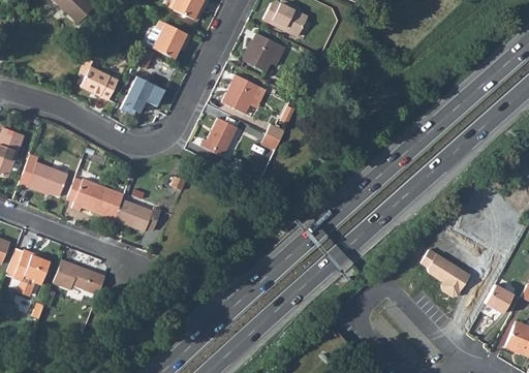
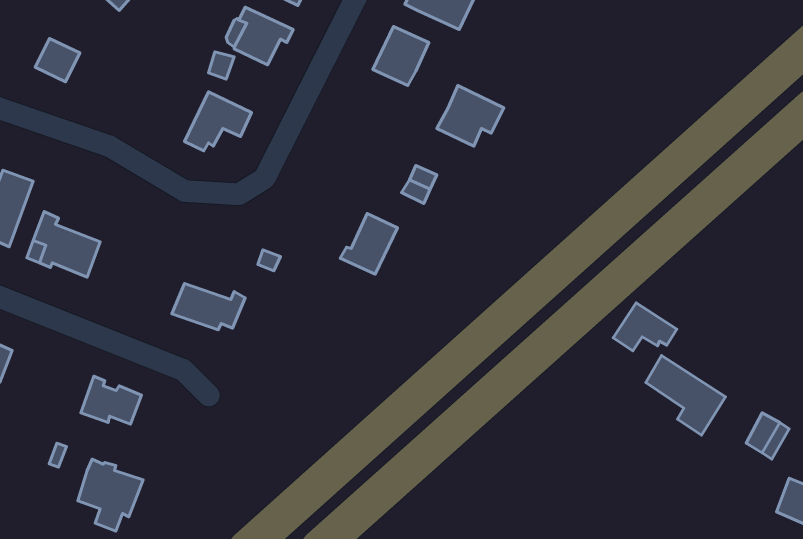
building: [81,66,110,94] -> [35,39,80,82]
building: [222,74,266,114] -> [437,85,504,146]
building: [200,117,238,156] -> [340,213,398,274]
building: [66,177,123,219] -> none
building: none -> [613,303,677,351]
building: [7,248,50,294] -> [78,459,143,531]

